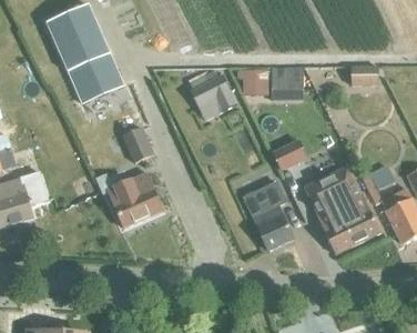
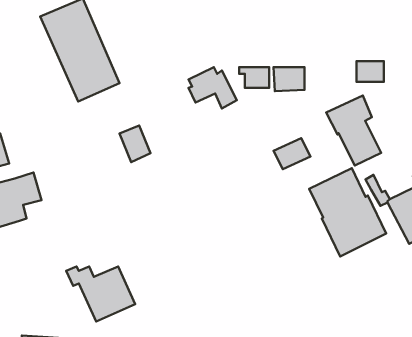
building: [96,173,163,226] -> [66,266,135,321]
building: [242,181,295,249] -> [326,95,381,165]

